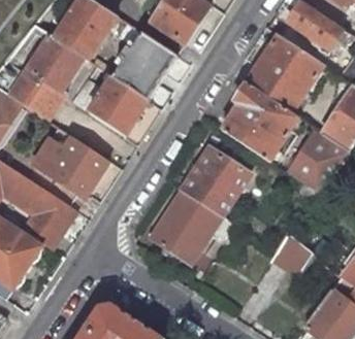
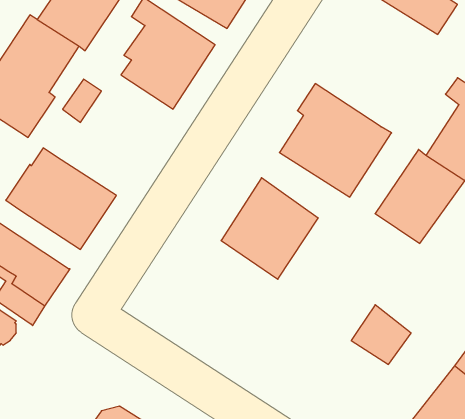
building: [246,34,322,112] -> none
building: [89,73,148,136] -> none
building: [150,191,220,264] -> none

